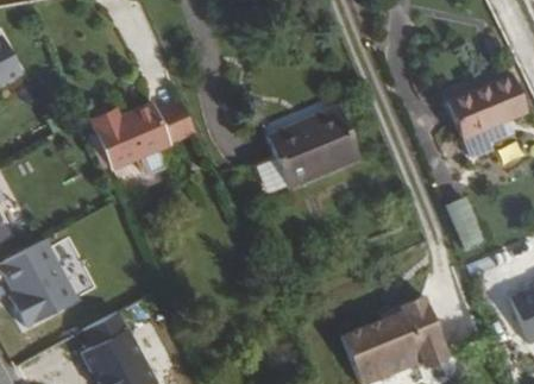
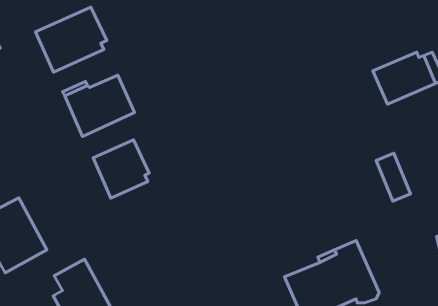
building: none -> [36,7,107,72]
building: [266,105,360,185] -> none
building: none -> [93,140,149,198]

